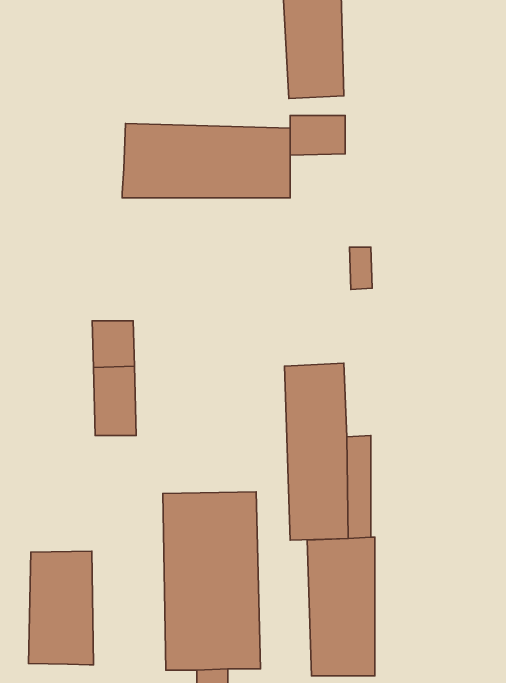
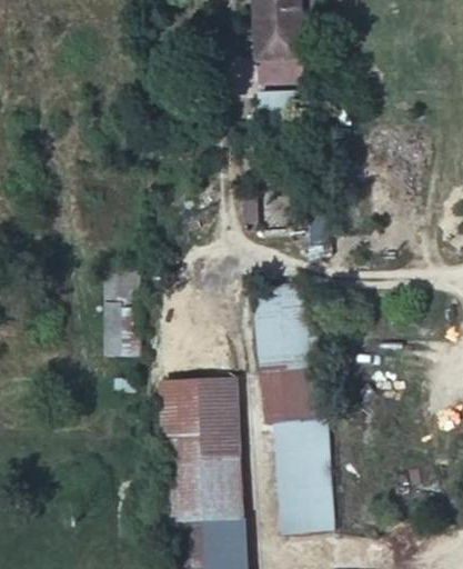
building: [122,123,290,198] -> none
building: [29,551,94,665] -> none

